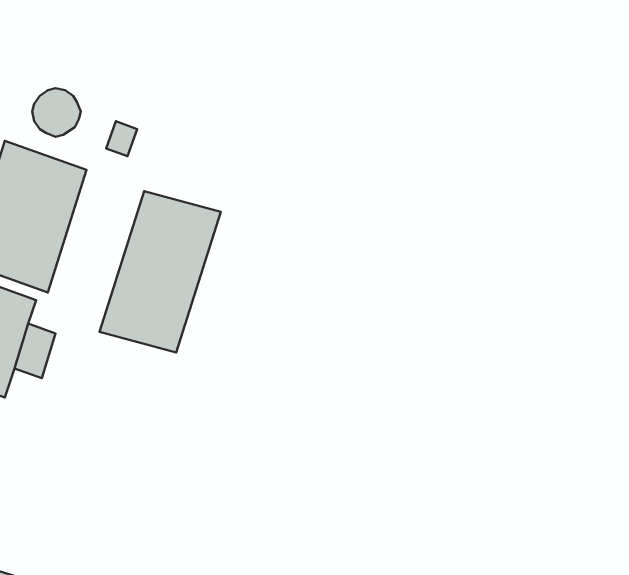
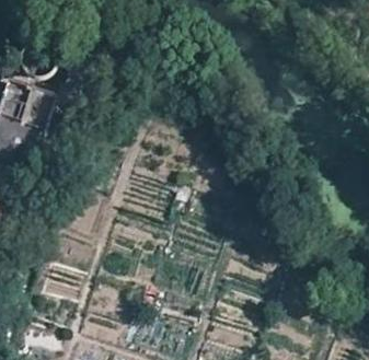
building: [99,191,221,352] -> none

